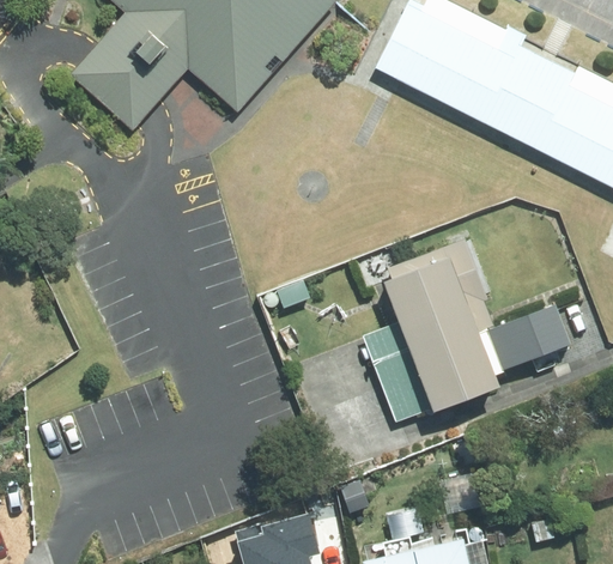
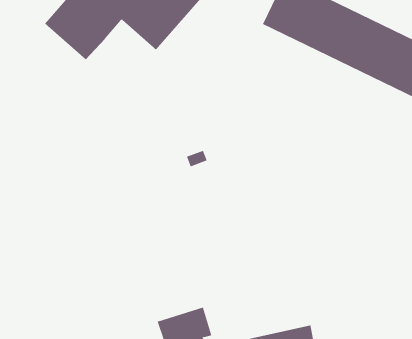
building: [366,223,571,405] -> none

